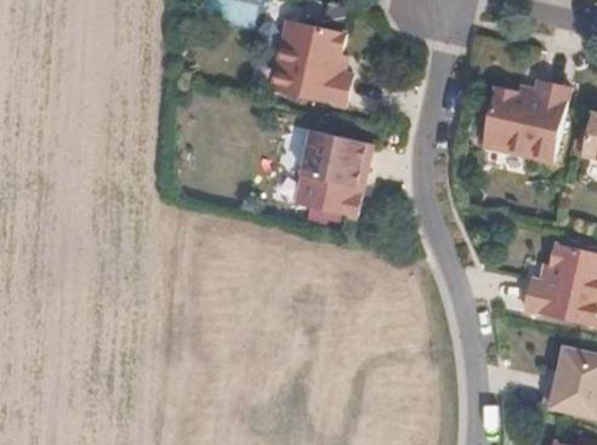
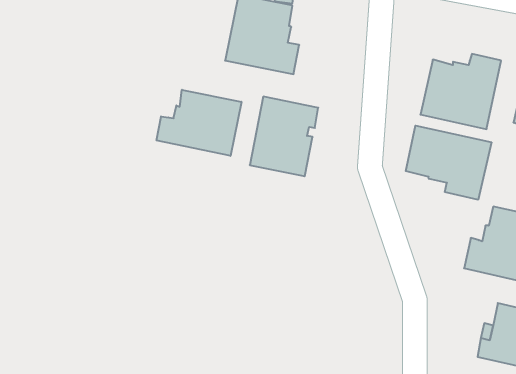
building: none -> [157,90,241,156]
building: none -> [406,126,491,200]

